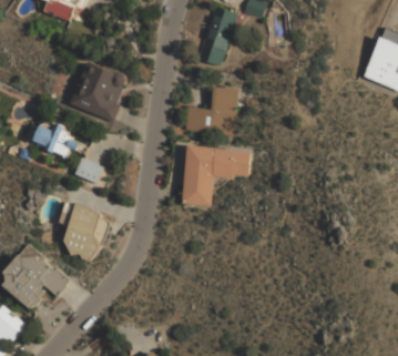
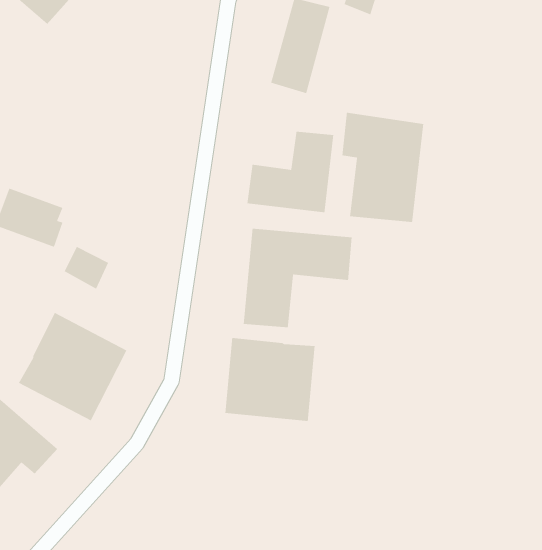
building: [72,62,126,119] -> none
building: none -> [341,112,424,223]
building: none -> [224,337,315,422]

